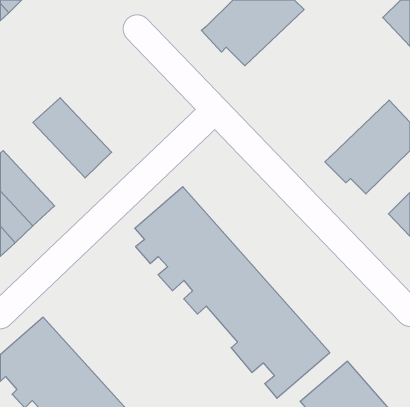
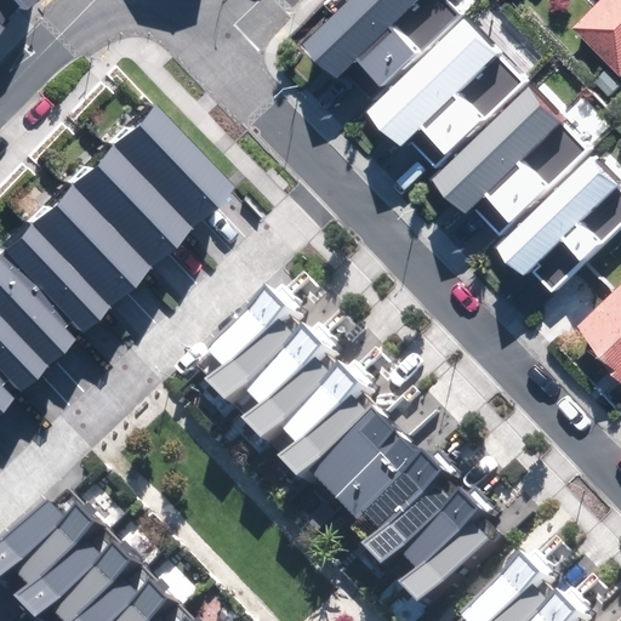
building: none -> [366,23,524,171]
building: none -> [432,92,588,239]
building: none -> [91,112,212,234]
building: none -> [5,189,129,315]

